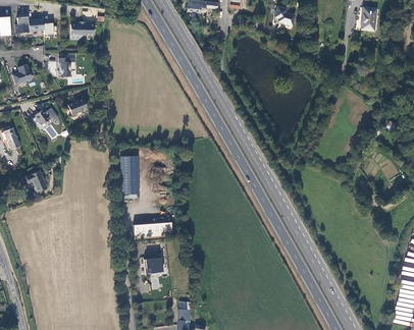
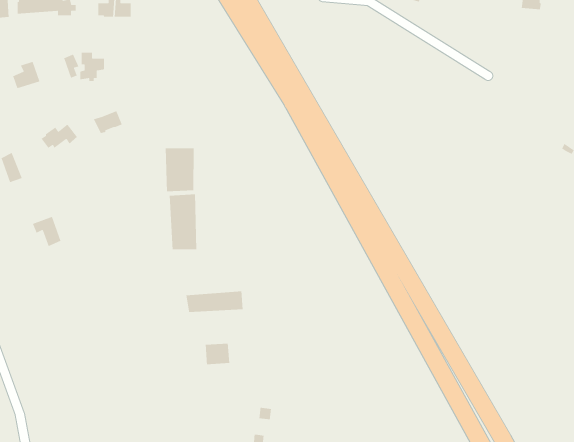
building: none -> [165,148,195,192]

